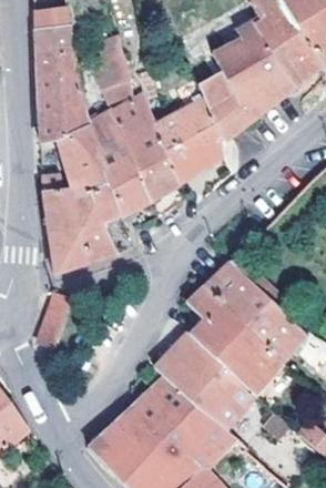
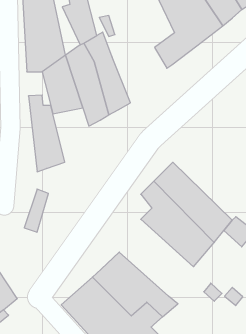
building: [152,100,222,183] -> none
building: [75,190,122,260] -> none
building: [153,333,256,431] -> none

